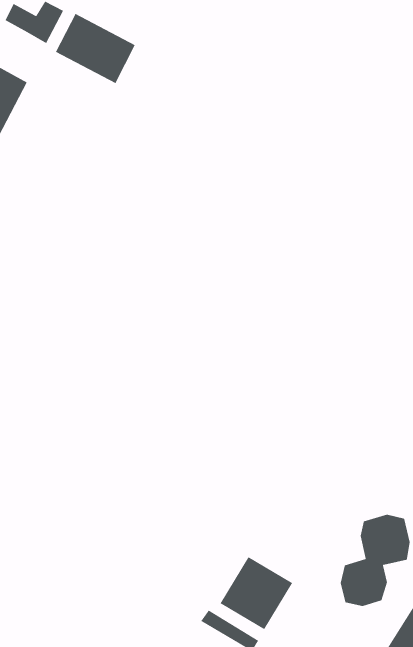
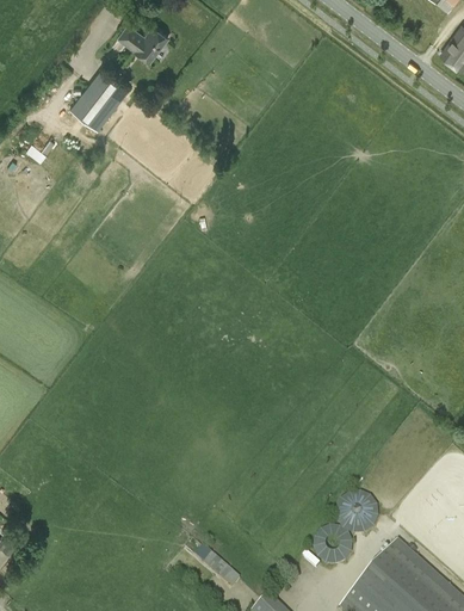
building: [55,13,136,84] -> none
building: [220,556,293,630] -> none

